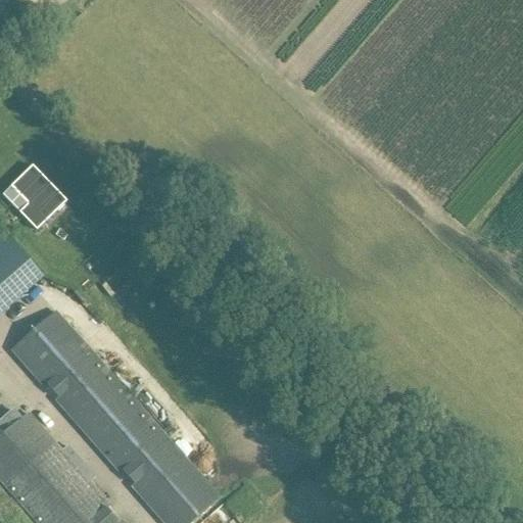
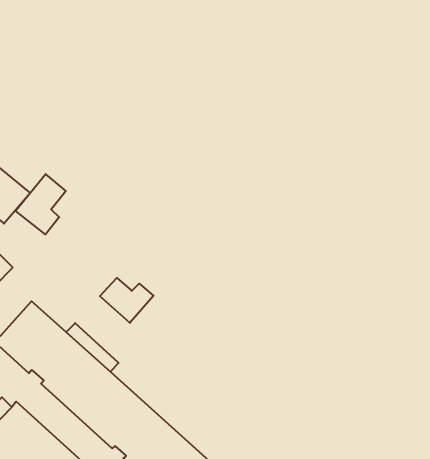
building: none -> [15,174,66,234]
building: none -> [100,278,153,323]

